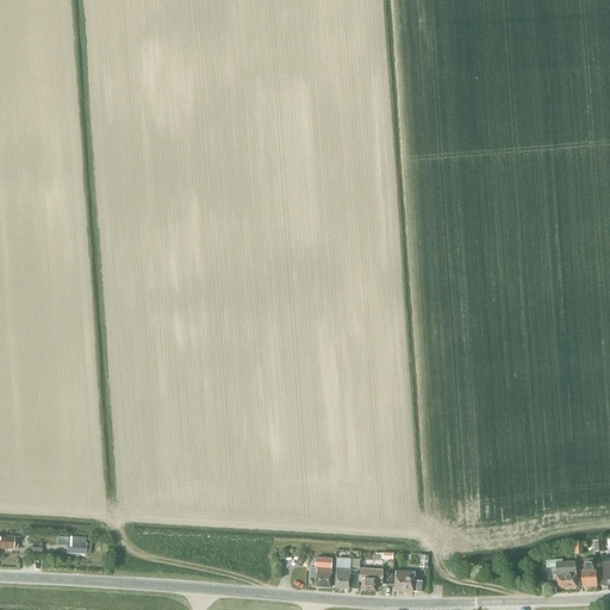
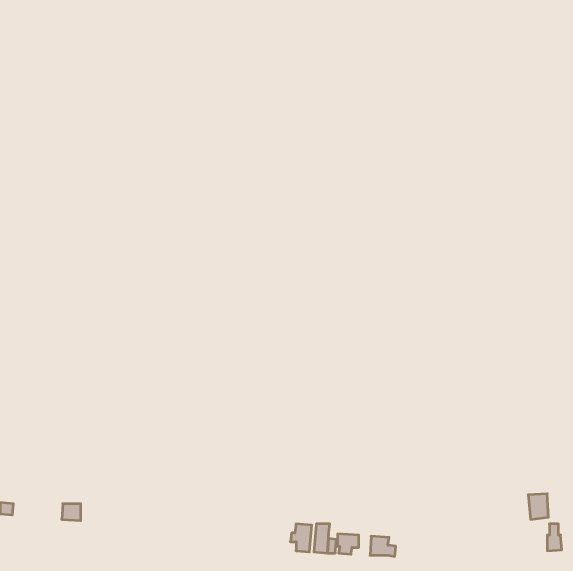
building: [555,560,577,587] -> [528,494,548,519]

